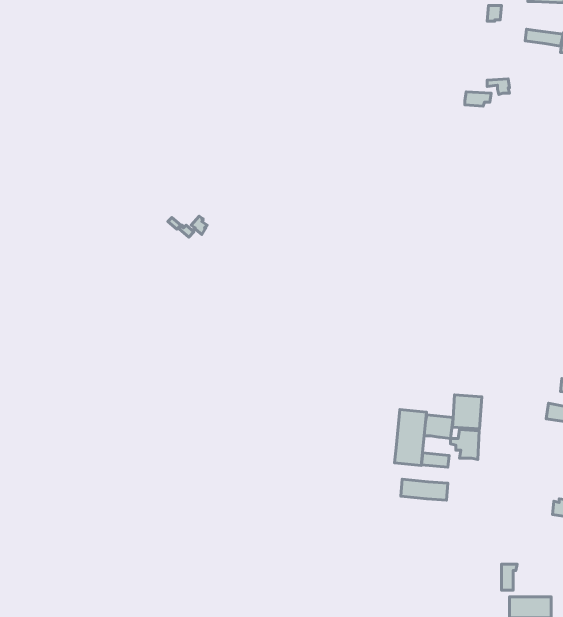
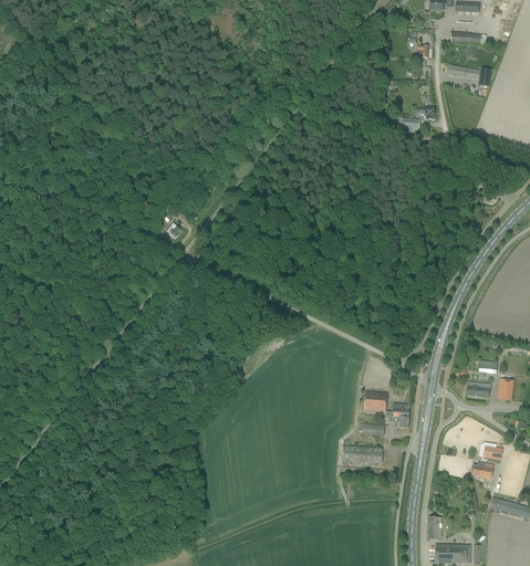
building: [452,395,482,429] -> none
building: [395,410,427,466] -> none

